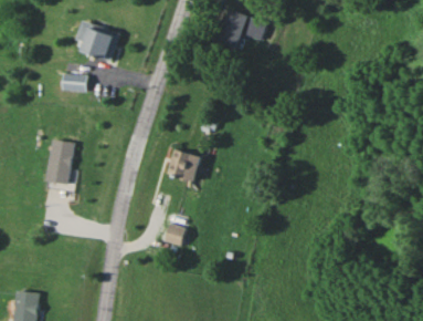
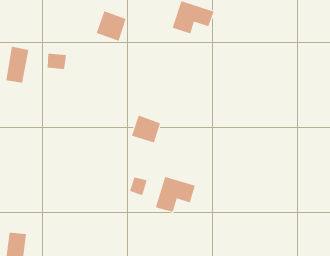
building: [82,24,119,62] -> [96,11,127,41]
building: [45,139,74,185] -> [6,46,29,83]
building: none -> [155,176,195,213]

